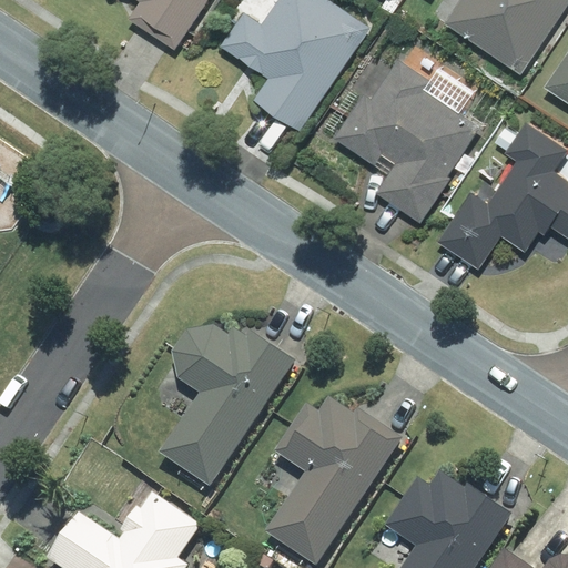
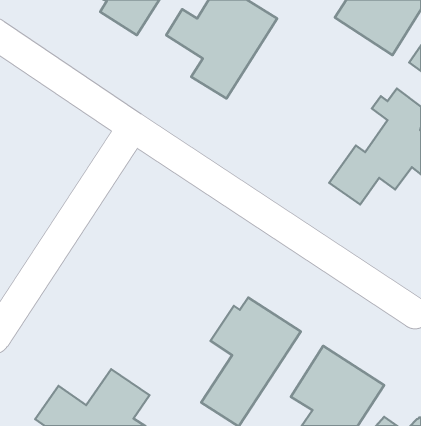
building: [335,53,484,222] -> none
building: [159,326,295,487] -> none

